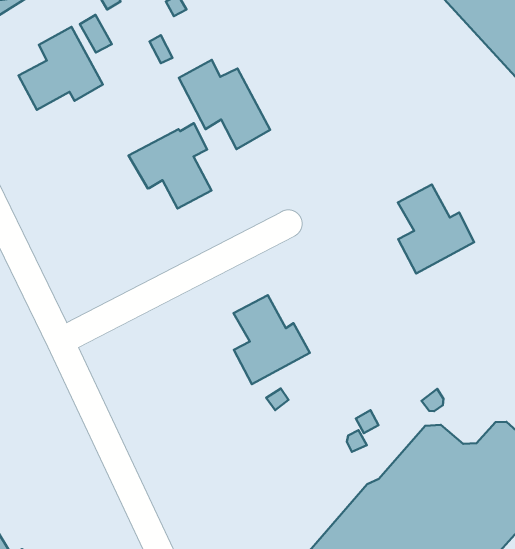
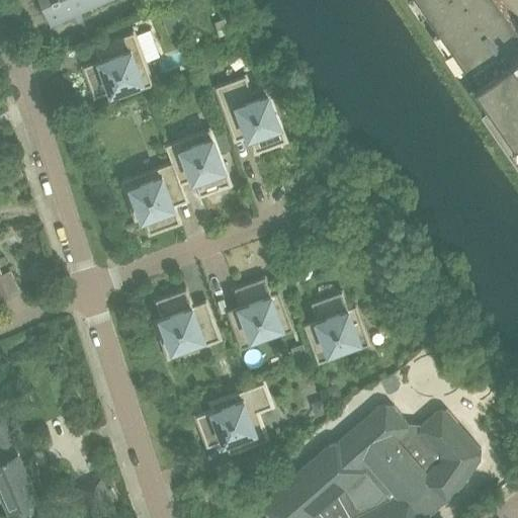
building: none -> [121,164,184,235]
building: [398,184,474,273] -> [307,292,369,364]
building: none -> [155,290,220,359]
building: none -> [196,383,272,452]

